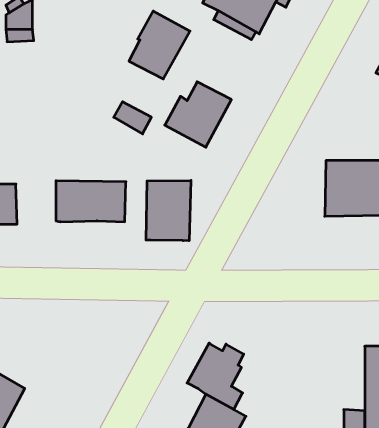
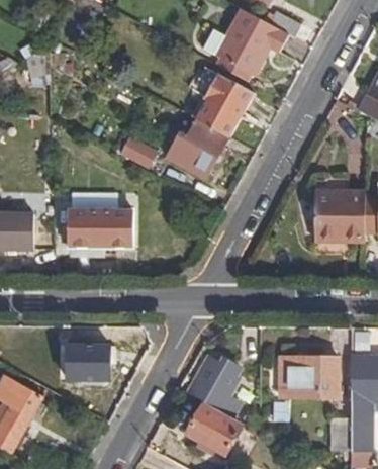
building: [129,11,190,79] -> [197,74,253,135]
building: [146,180,191,241] -> none
building: none -> [67,346,109,379]
building: none -> [279,357,337,397]

